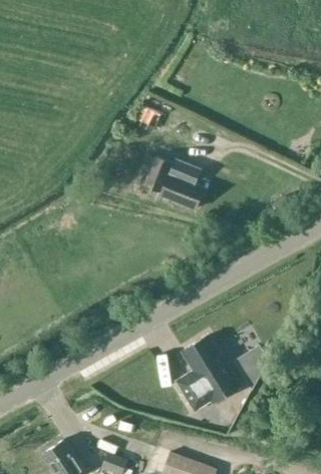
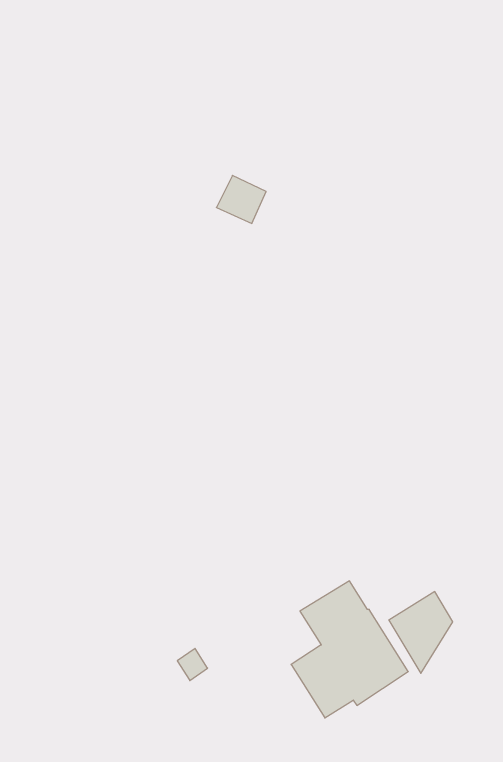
building: [145,157,205,210] -> none

